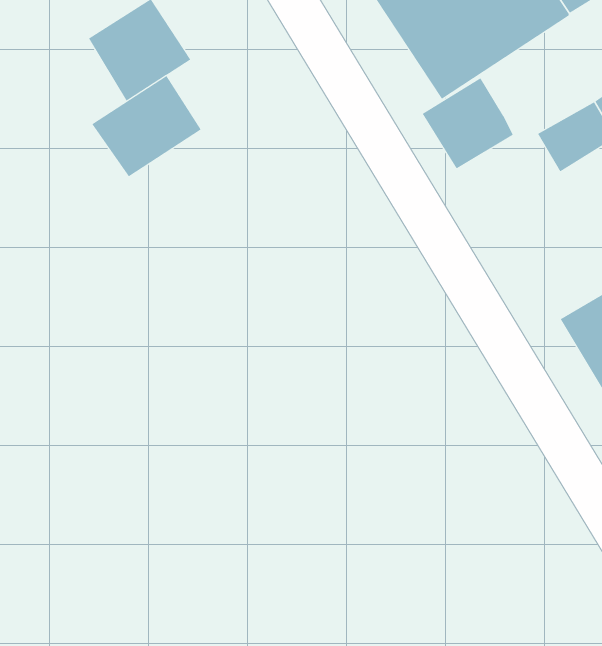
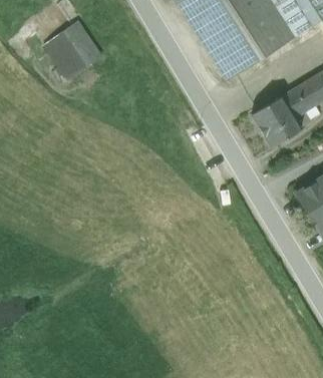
building: [91,75,201,177] -> none
building: [422,77,513,169] -> [252,95,300,143]

